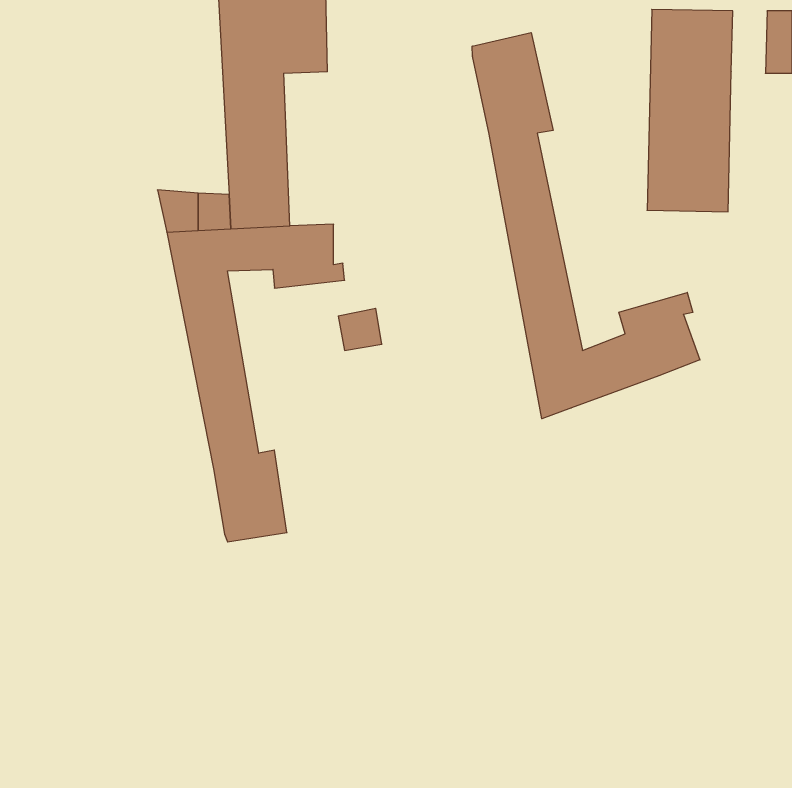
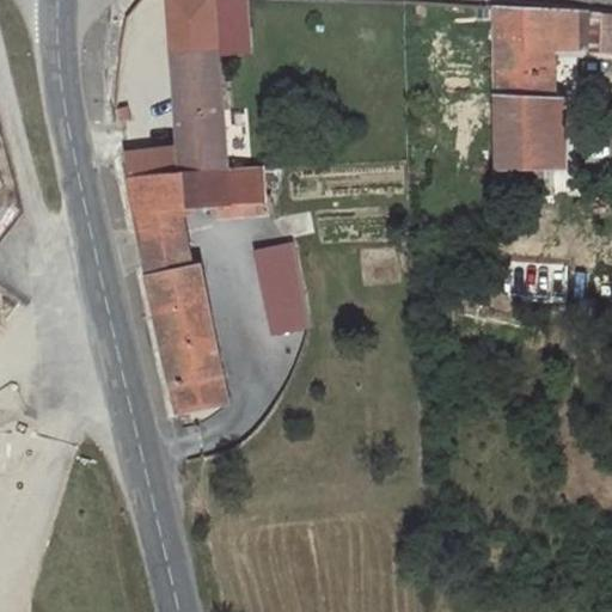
building: none -> [561,8,588,56]
building: [472,33,700,419] -> none
building: none -> [264,264,305,331]

